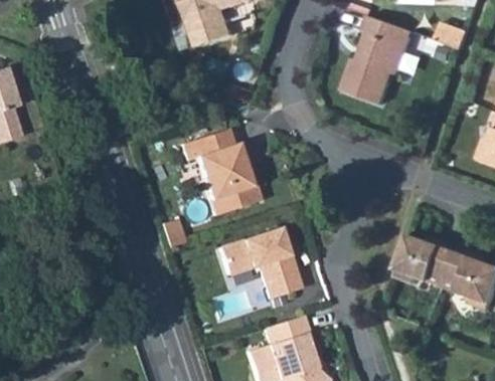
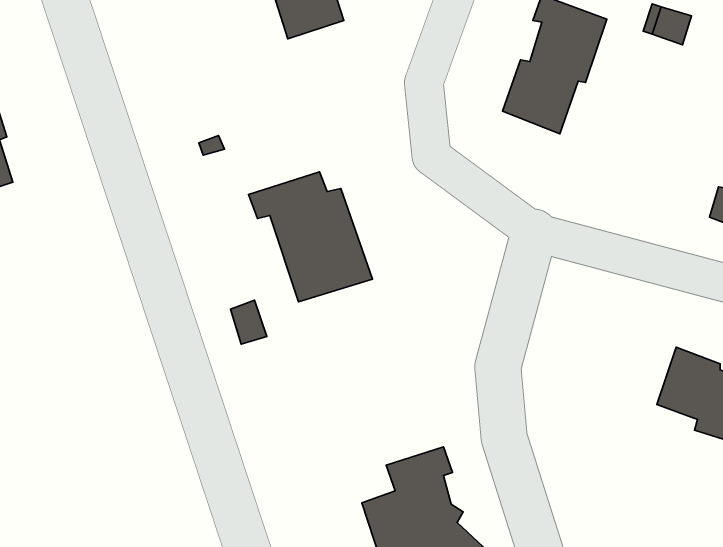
building: [219,226,299,296] -> none
building: [397,235,461,285] -> none

